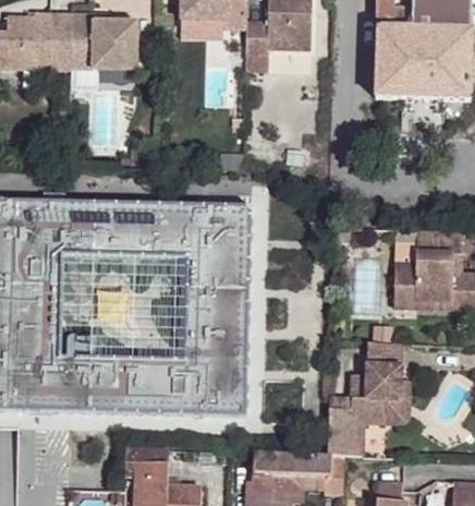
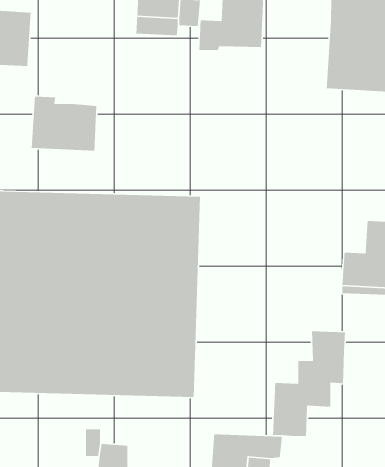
building: [69,13,137,71] -> [31,96,97,152]
building: [357,364,407,455] -> none

